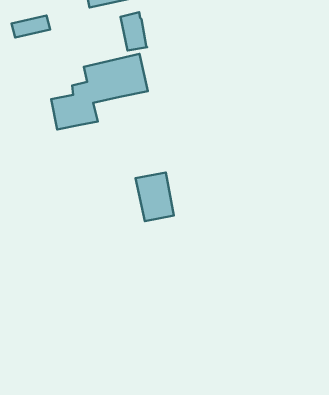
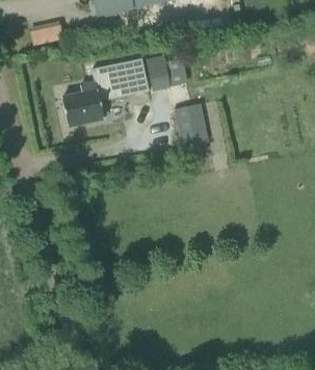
building: [121,12,147,50] -> [146,55,169,89]
building: [136,172,174,221] -> [174,103,208,147]

